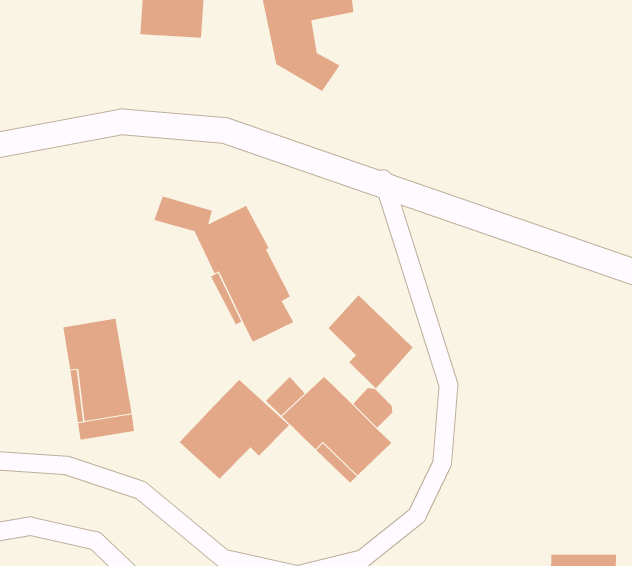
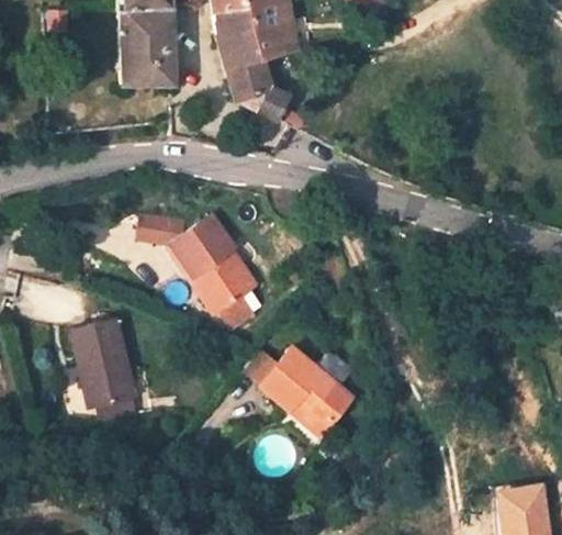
building: [328,295,414,389] -> none
building: [179,379,290,480] -> none

